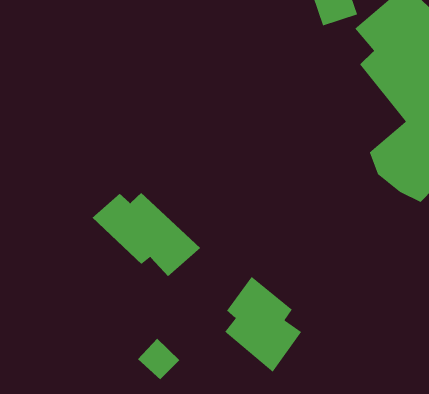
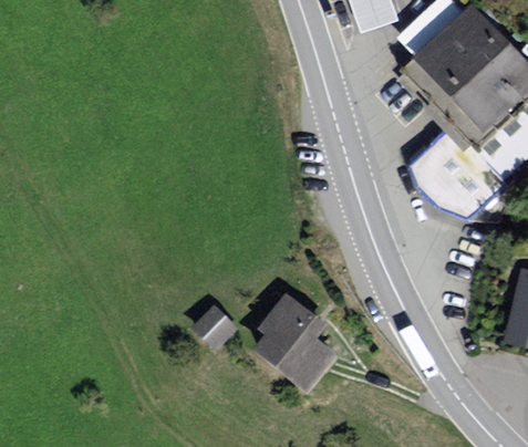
building: [92,192,201,277] -> none
building: [137,338,180,380] -> [193,302,238,346]

